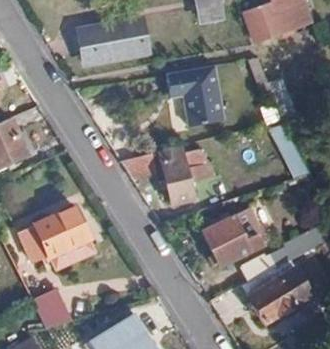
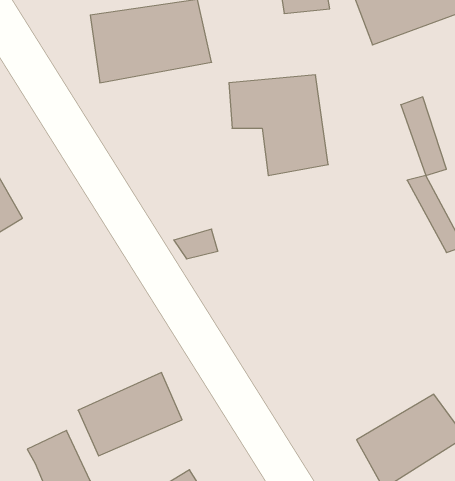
building: [164,147,215,205] -> none
building: [25,209,91,262] -> [78,373,182,456]
building: [205,214,264,266] -> none

